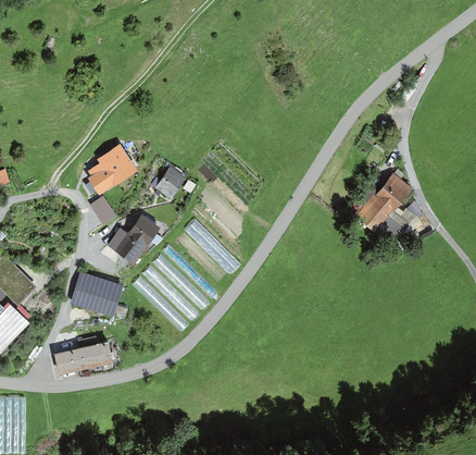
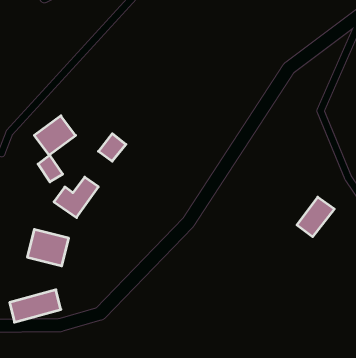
building: [364,180,405,223] -> [297,197,334,237]

